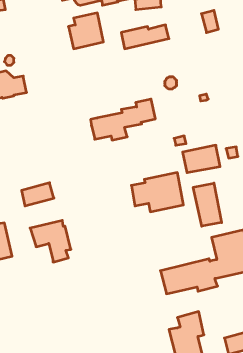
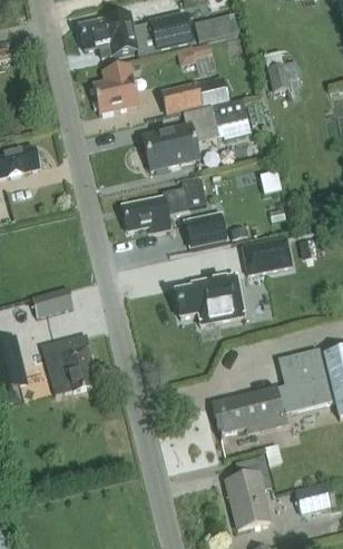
building: none -> [141,98,246,168]
building: none -> [185,214,225,247]
building: [193,183,222,226] -> none

